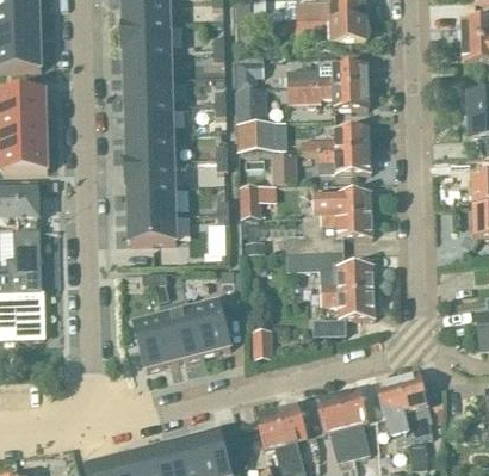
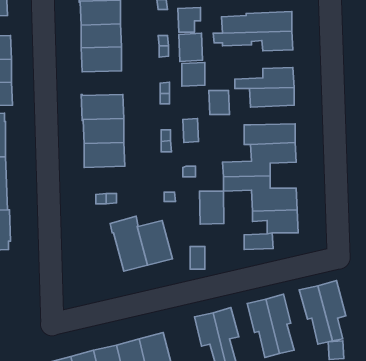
building: [126,131,173,160] -> none
building: none -> [199,191,224,224]
building: [134,317,174,369] -> none

